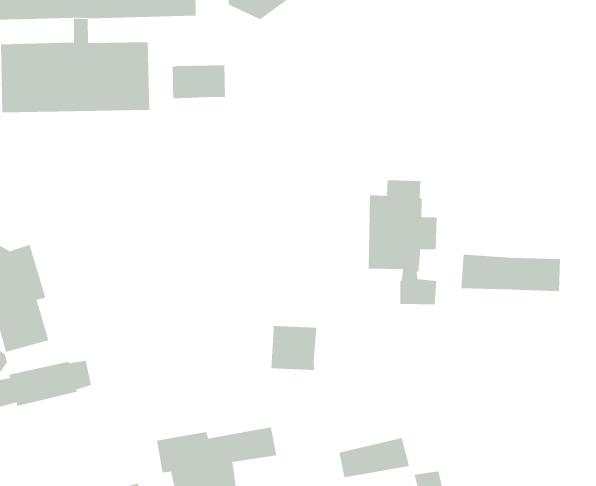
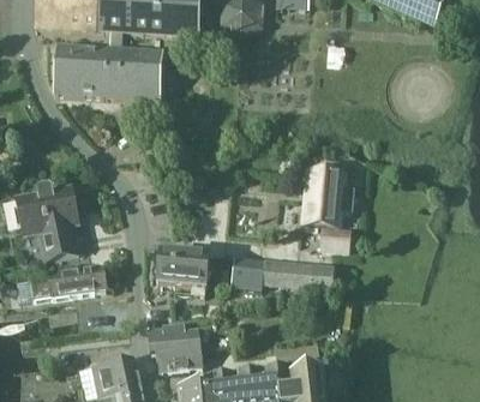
building: [172,64,225,99] -> none
building: [460,254,561,291] -> [262,258,334,289]
building: none -> [157,248,208,287]

